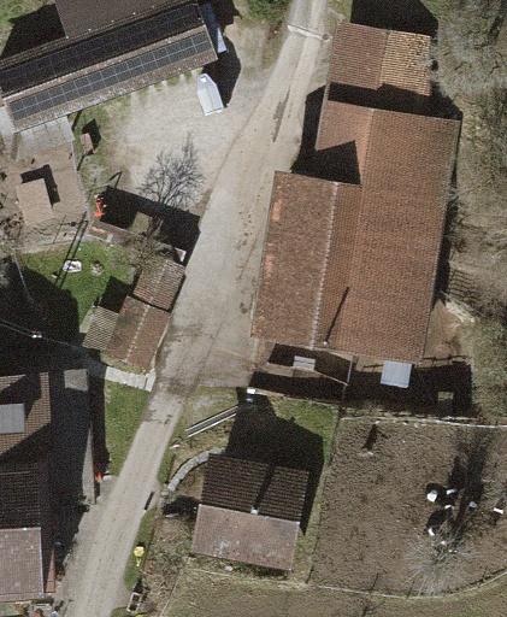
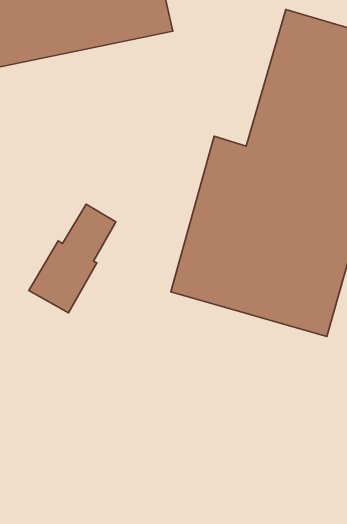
building: [191,453,307,571] -> none

